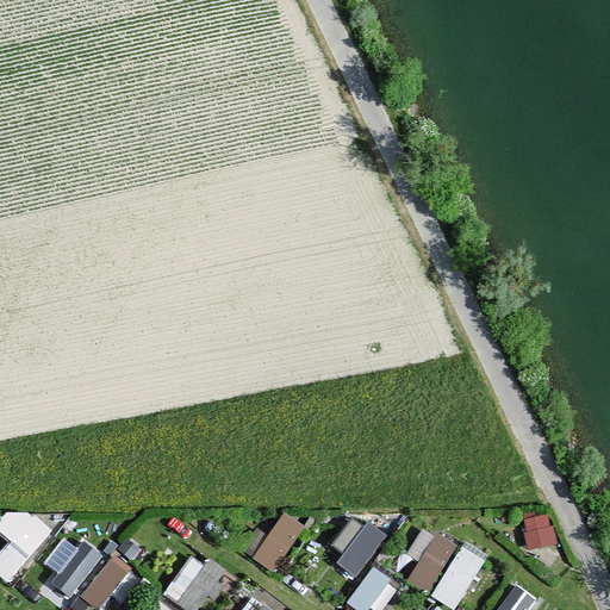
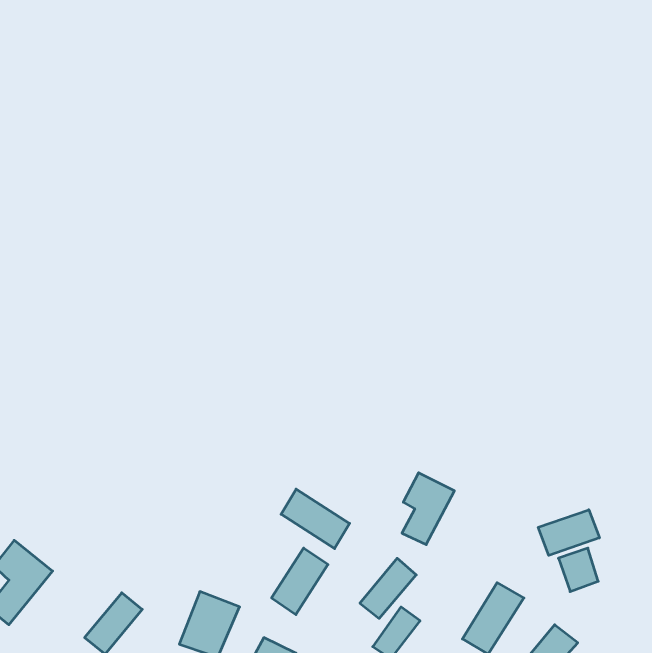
building: none -> [281,489,350,549]
building: none -> [538,510,599,555]
building: [406,527,455,593] -> [402,473,454,545]
building: [43,534,99,604] -> none

